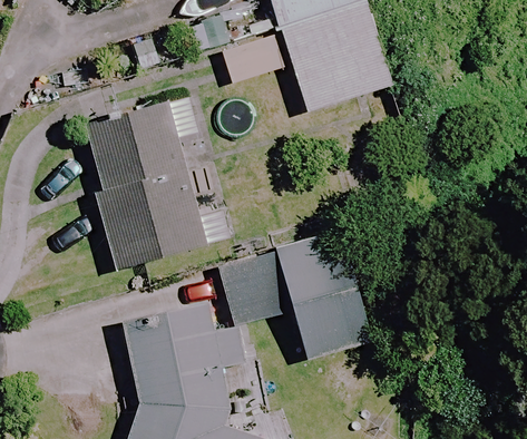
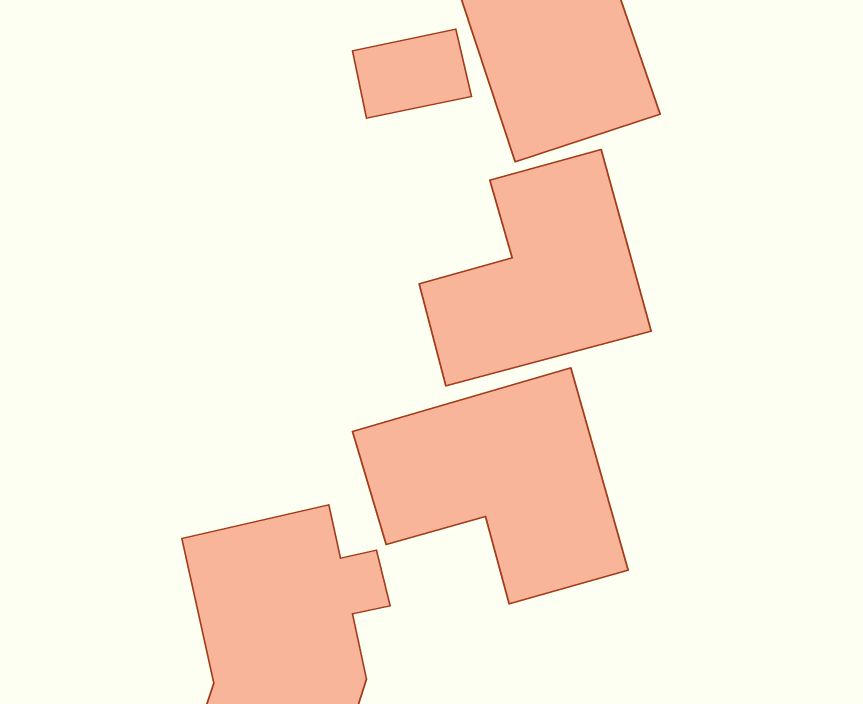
building: [77,92,207,270] -> none
building: none -> [419,150,651,386]

